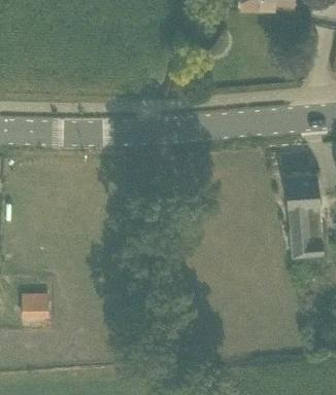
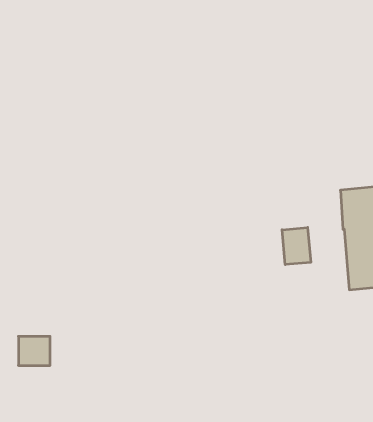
building: none -> [282,227,311,265]

